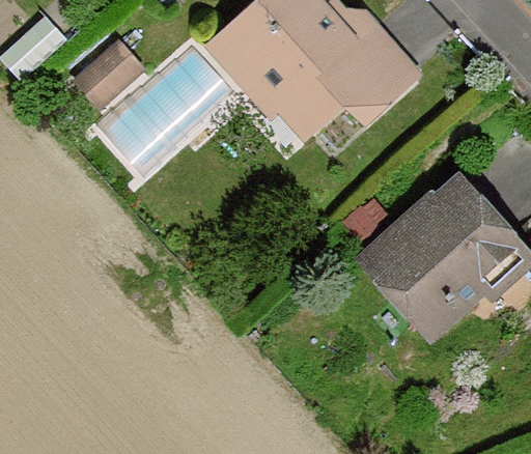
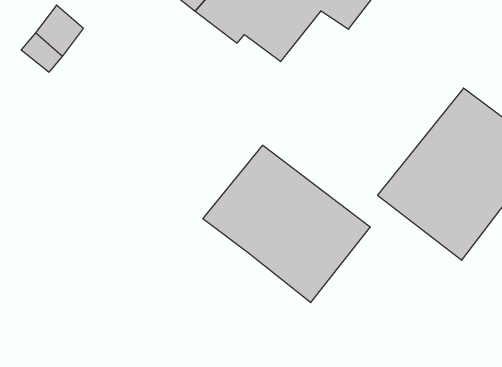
building: none -> [203,145,370,303]

